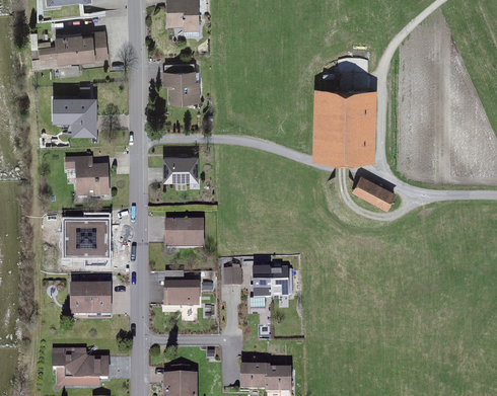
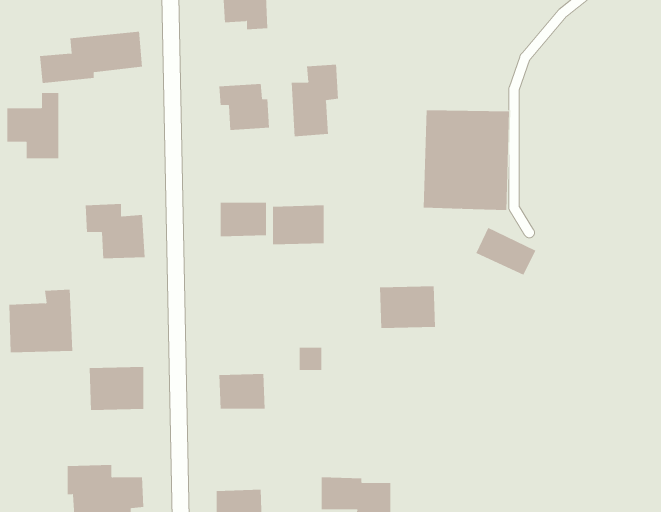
building: none -> [291,64,339,137]
building: [53,87,91,136] -> [7,93,59,159]
building: [64,212,112,258] -> [8,289,73,353]
building: [163,215,202,244] -> [272,205,325,245]
building: [251,264,292,296] -> [379,286,436,329]

